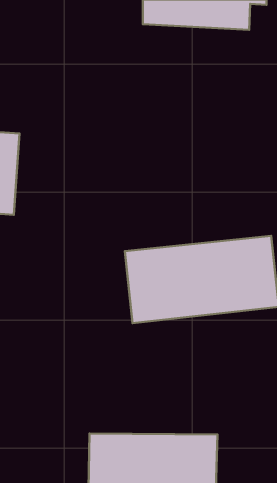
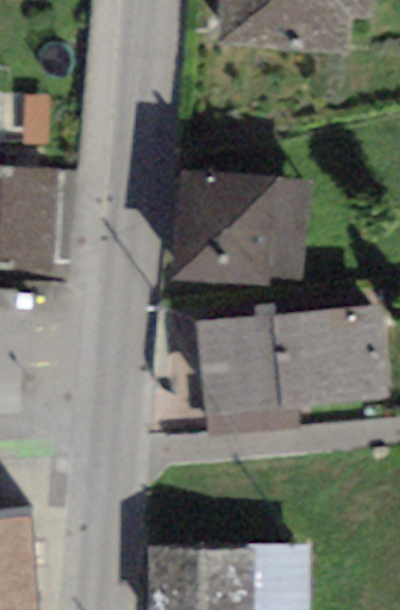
building: none -> [169,167,311,286]

